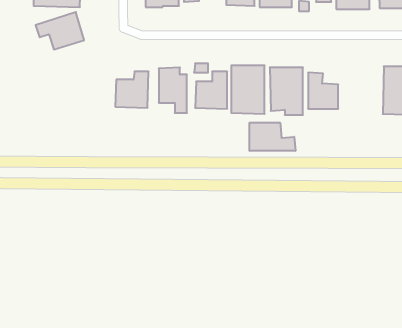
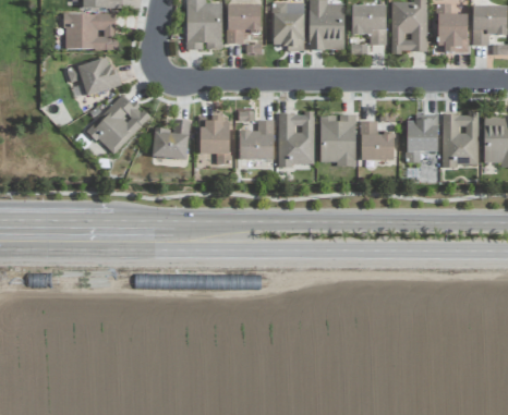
building: none -> [86,93,148,155]
building: none -> [407,115,438,163]
building: [250,123,295,151] -> none

